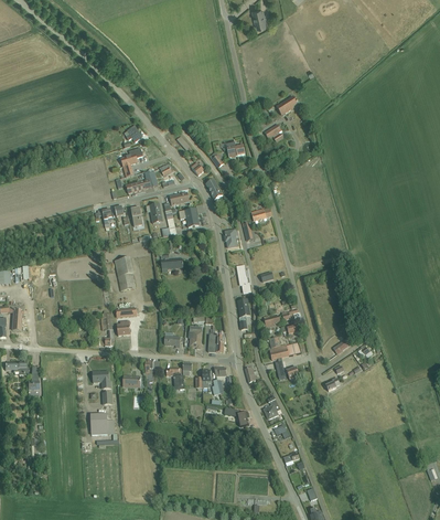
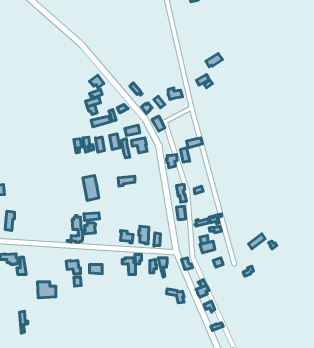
building: [90,413,115,434] -> [37,282,56,298]

